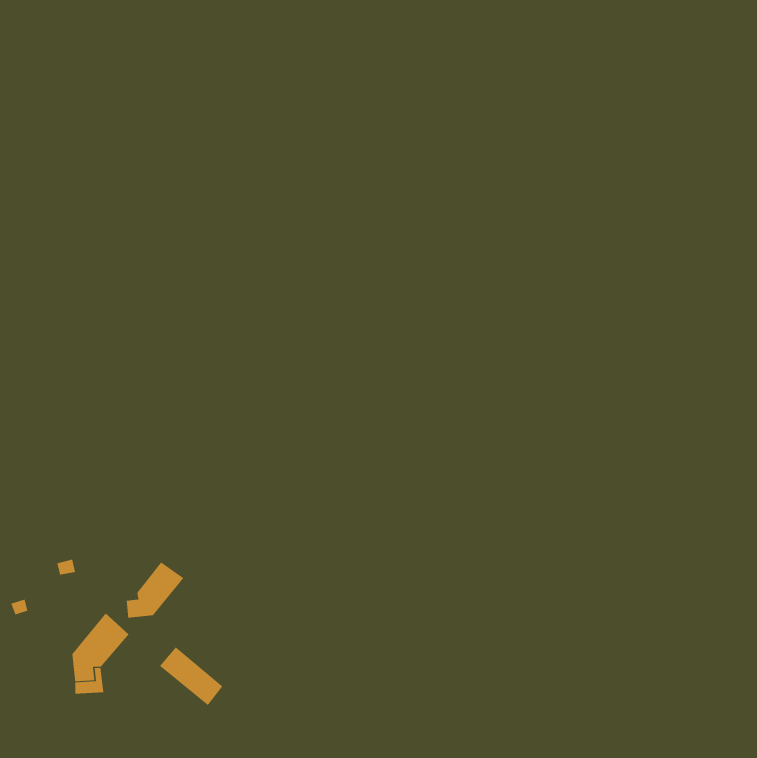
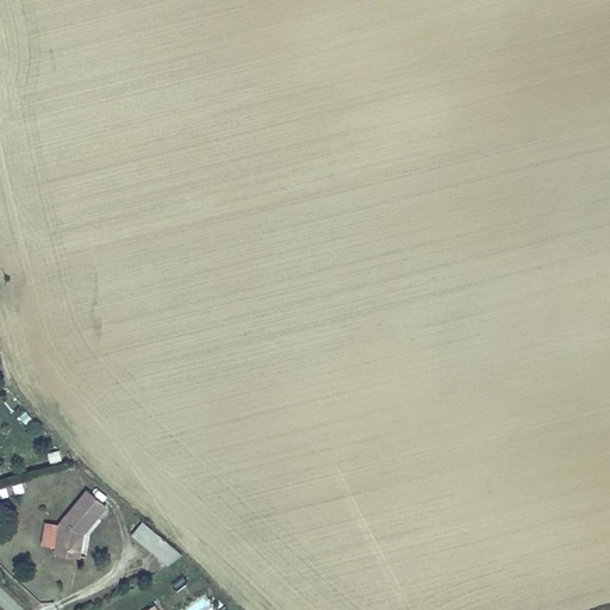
building: [126,562,184,619] -> none

